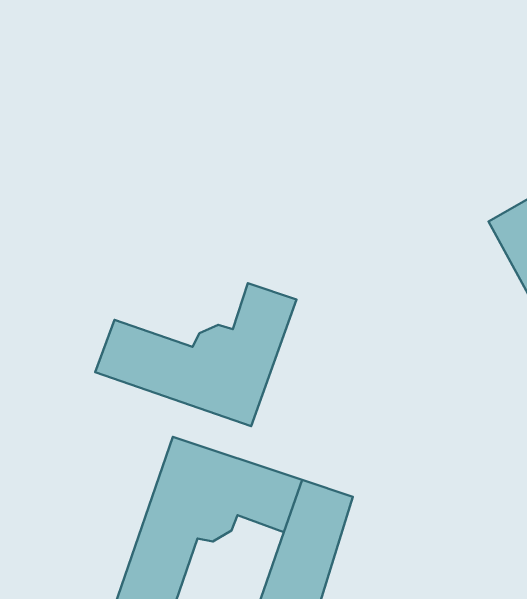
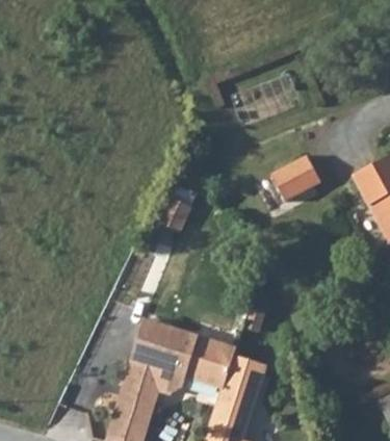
building: none -> [275,155,323,198]
building: [95,283,296,426] -> none

